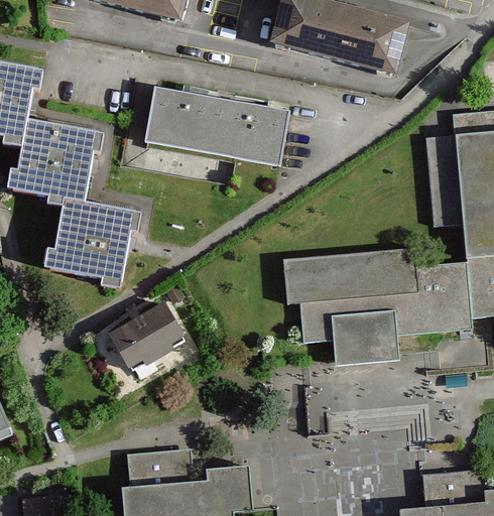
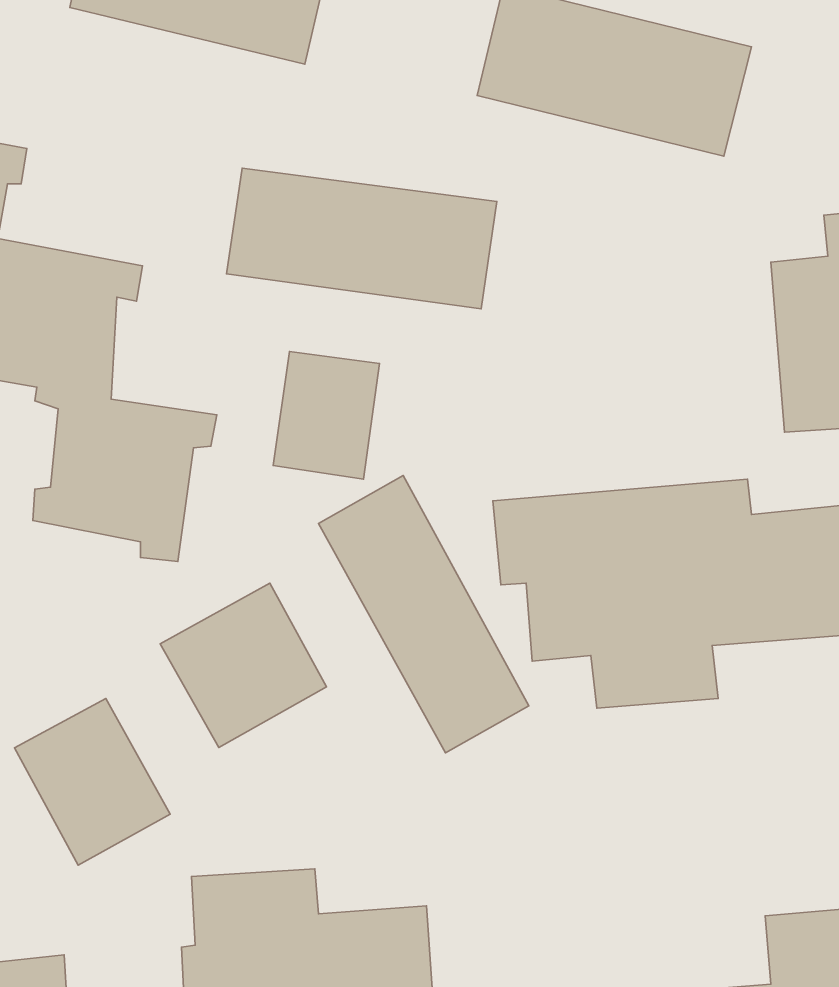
building: none -> [273,352,379,479]
building: none -> [318,476,529,753]
building: none -> [14,698,170,865]

